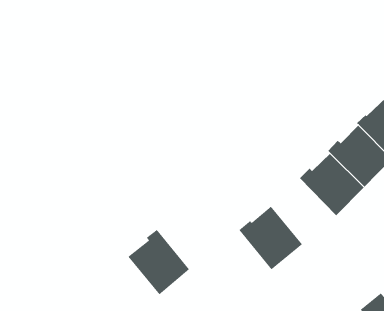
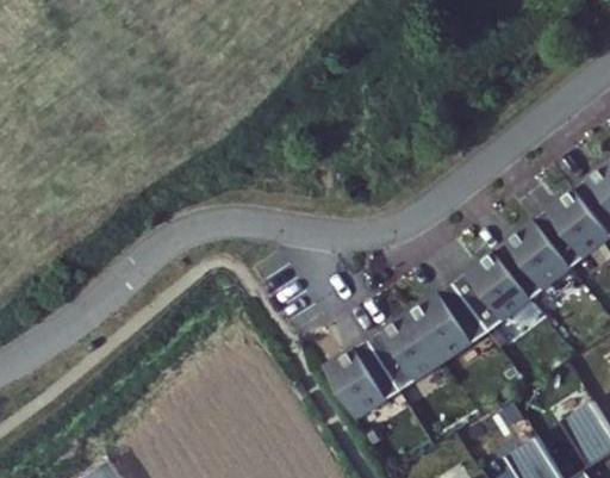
building: none -> [409,280,490,365]
building: [128,229,190,295] -> [322,337,399,422]

